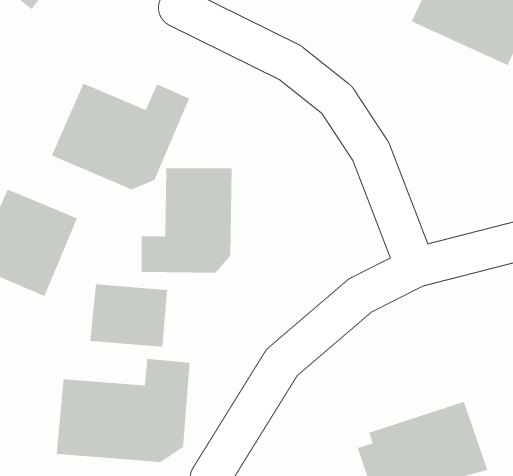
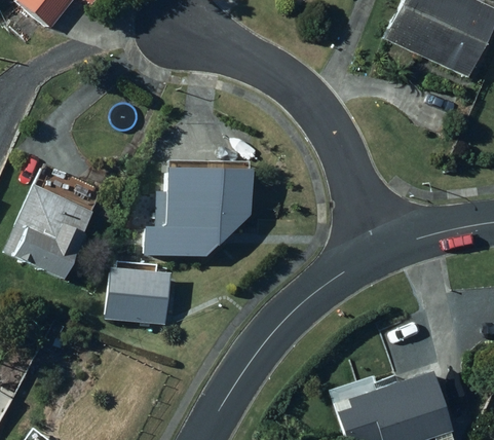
building: [51,83,190,190] -> none
building: [56,358,190,463] -> none

